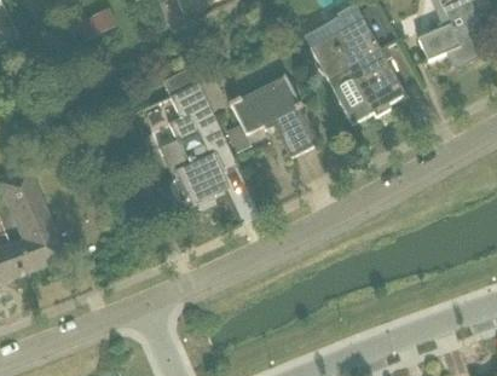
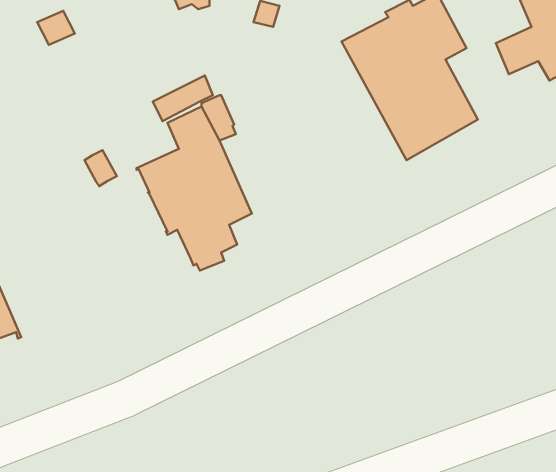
building: [231,75,316,156] -> none

